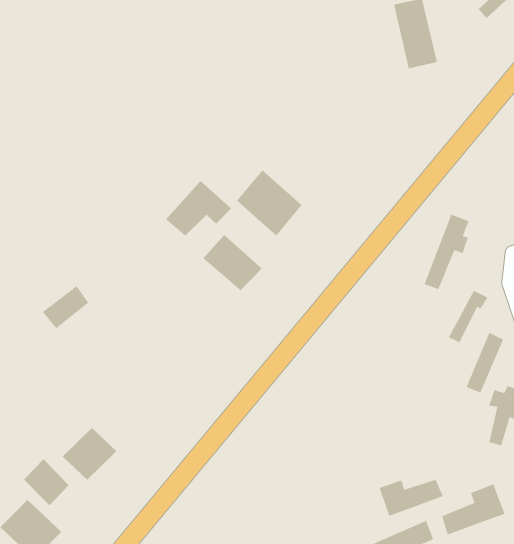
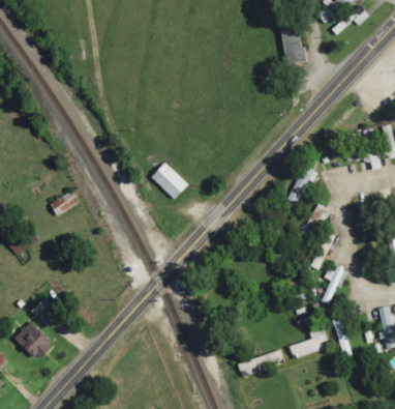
building: [236,169,302,237] -> none
building: [165,180,232,236] -> none
building: [62,427,117,481] -> none
building: [378,479,444,517] -> none

